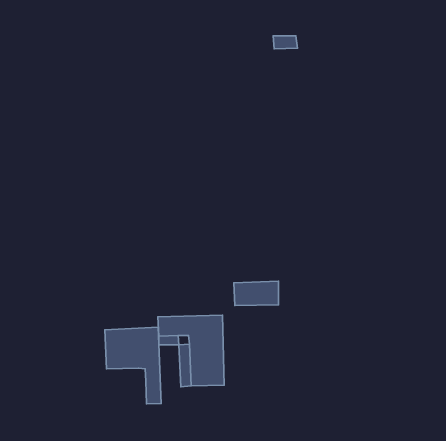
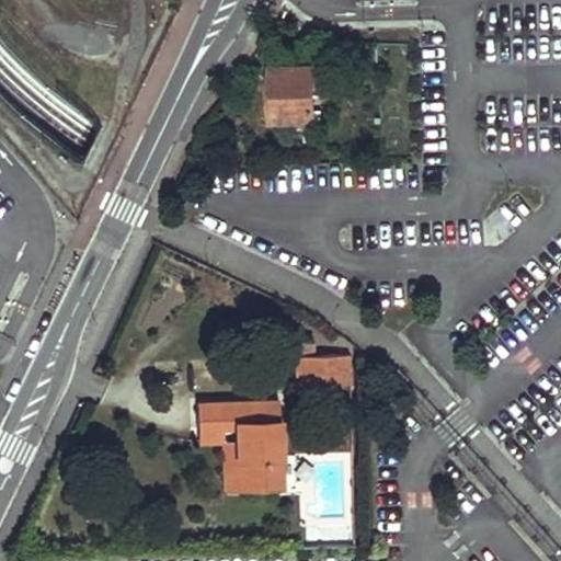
building: none -> [270,69,314,123]
building: [105,327,161,404] -> none

